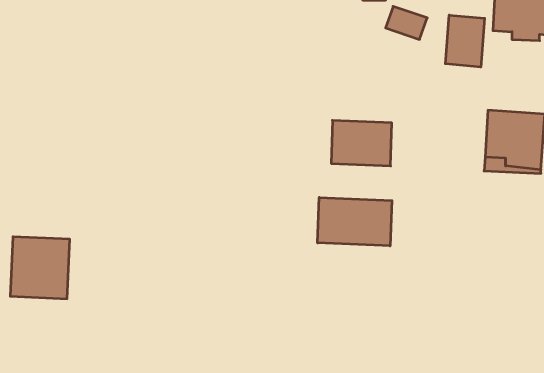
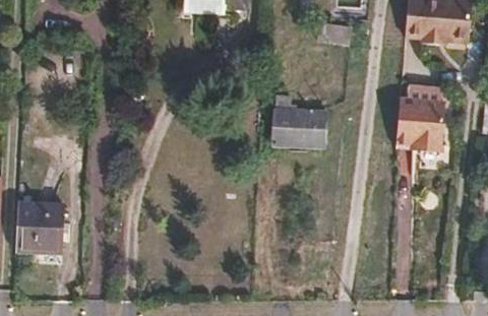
building: [445,15,485,67] -> none
building: [318,197,392,246] -> none

